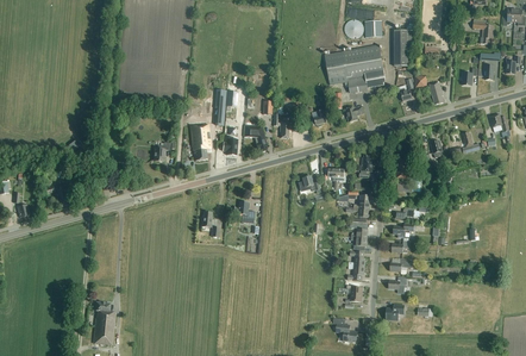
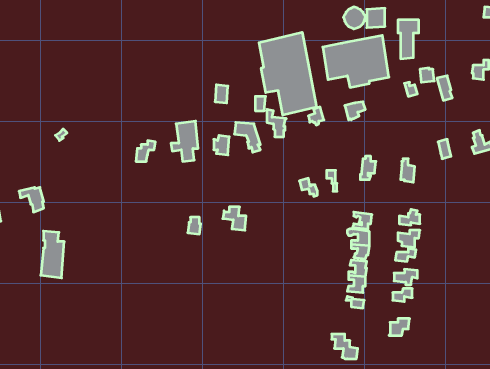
building: none -> [259,32,316,115]
building: [94,302,115,345] -> [41,231,64,278]

